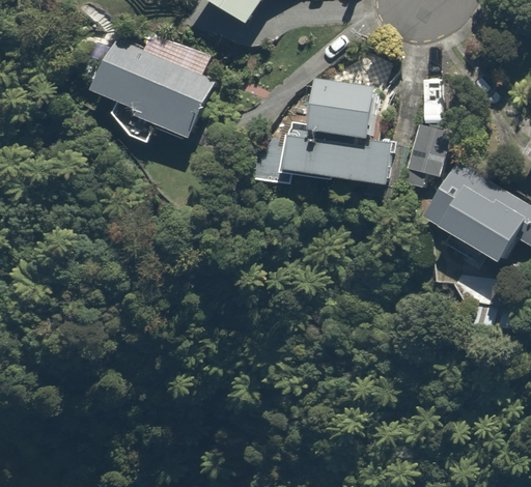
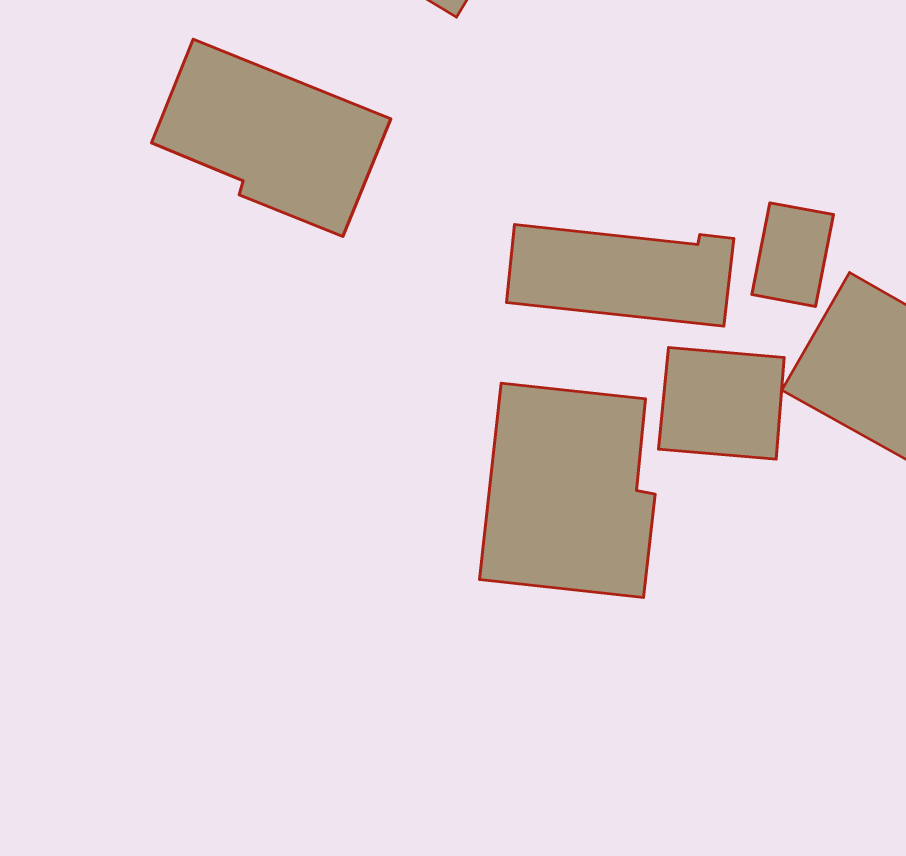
building: [312,81,378,139] -> [659,347,784,459]
building: none -> [479,383,655,597]

